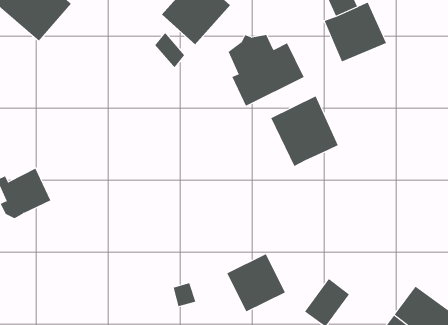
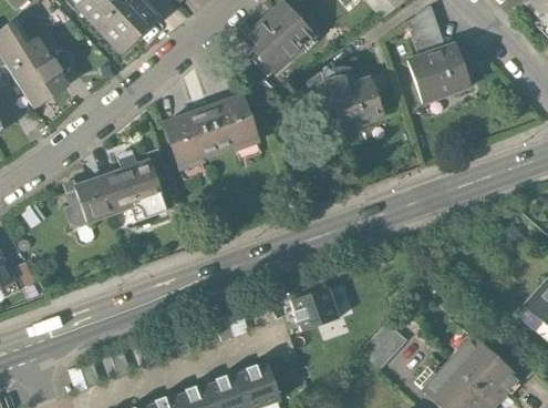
building: none -> [165,99,259,169]
building: [270,95,339,167] -> none
building: none -> [104,153,168,221]

